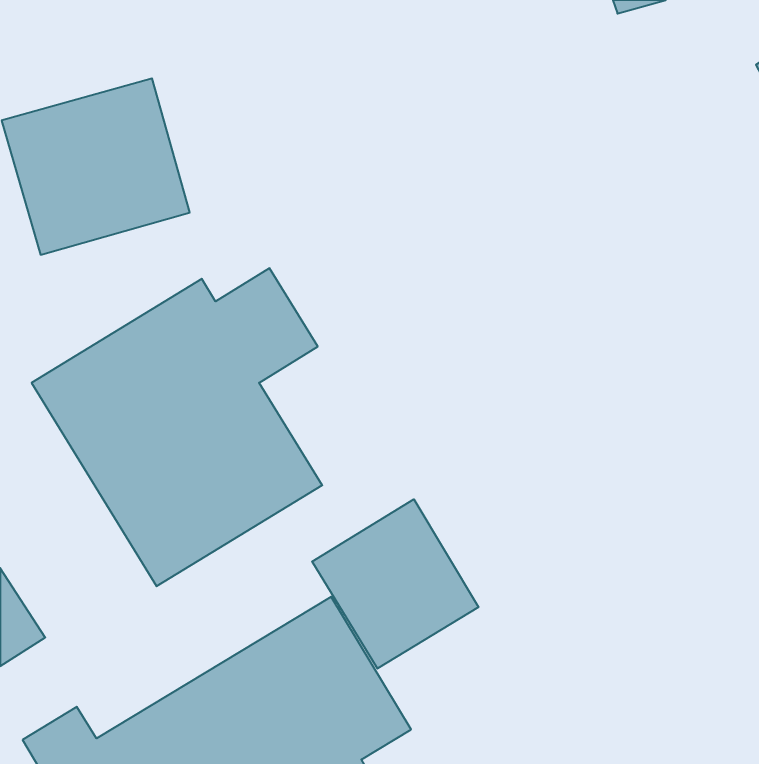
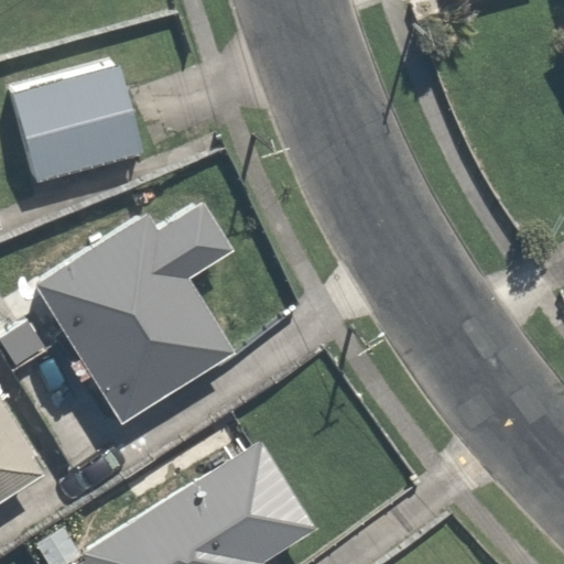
building: [312,499,478,669] -> none

